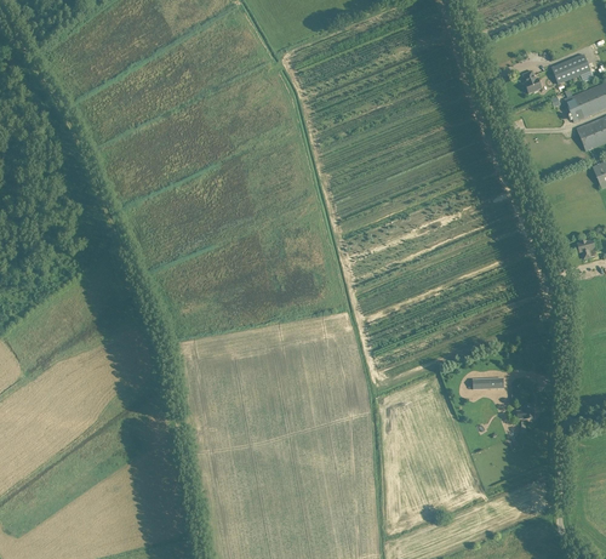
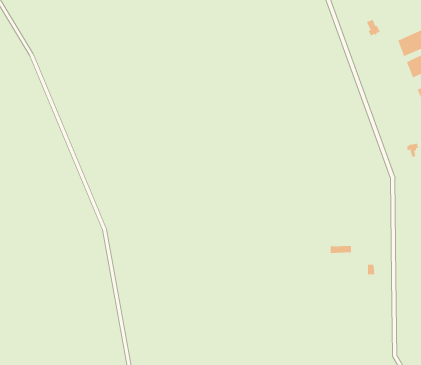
building: [553,55,591,84] -> none

